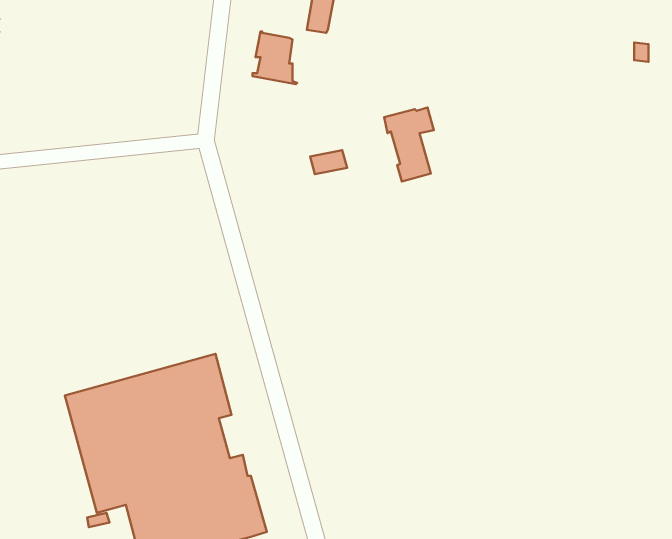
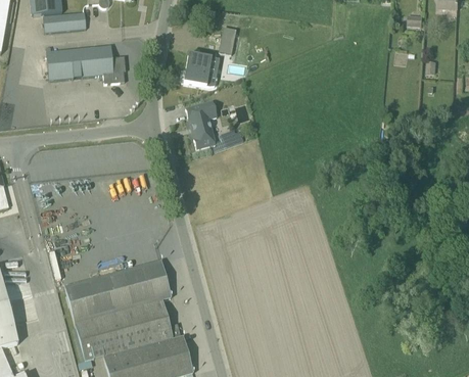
building: none -> [46,44,125,83]
building: [384,108,434,181] -> [185,101,217,148]

